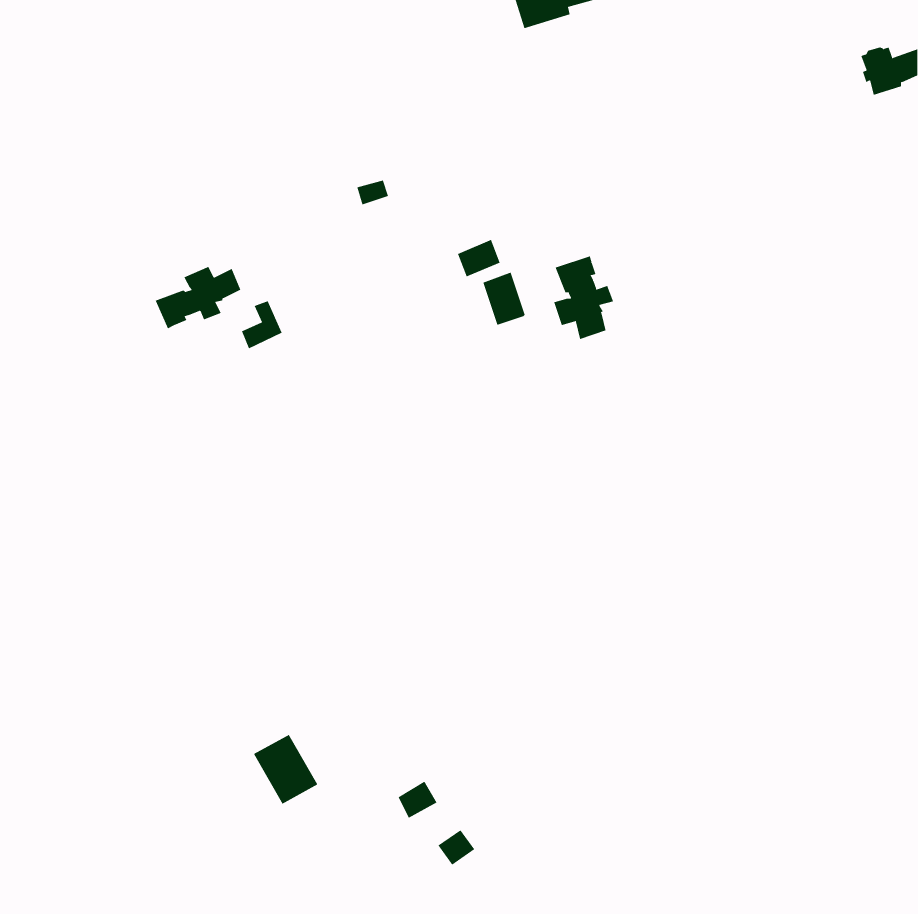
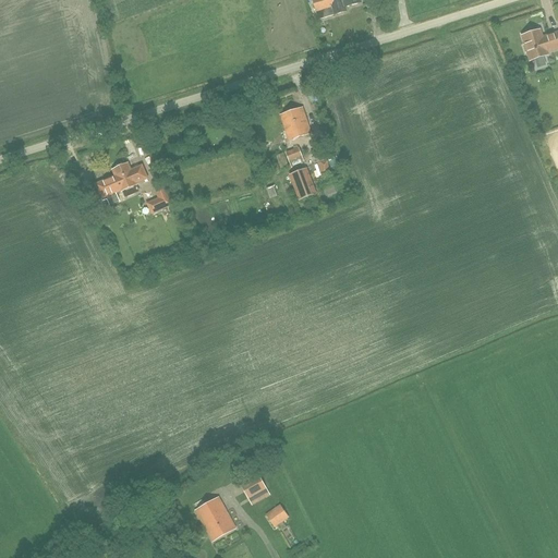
building: none -> [279,105,311,138]
building: [554,255,614,340] -> none
building: [253,734,318,804] -> [195,496,234,538]

